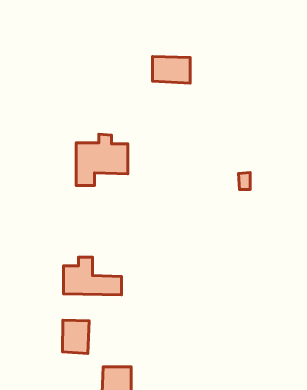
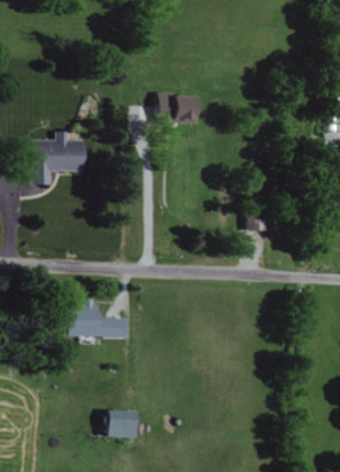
building: [76,134,128,186] -> [32,131,84,183]
building: [62,320,89,354] -> none

